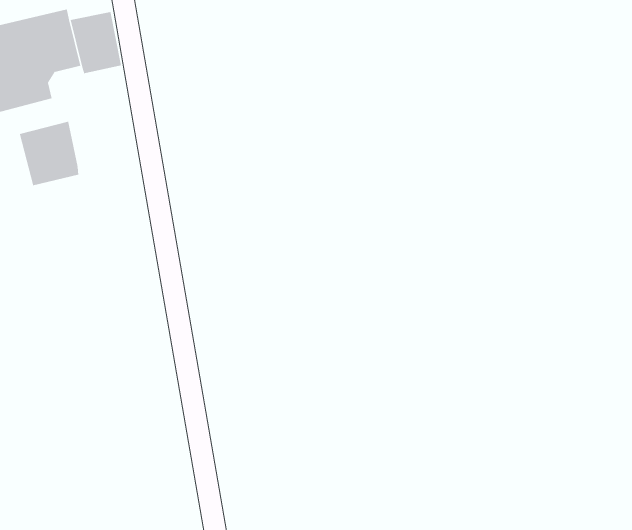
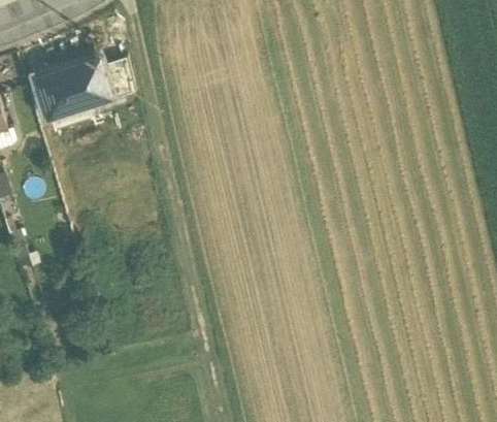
building: [19,121,79,186] -> none

